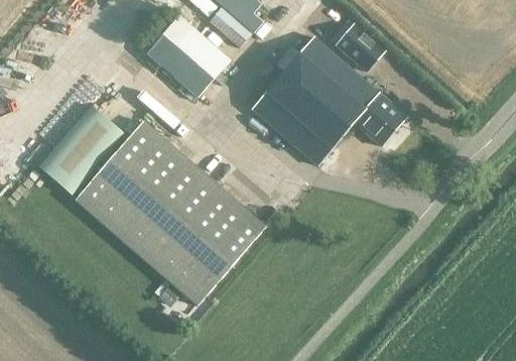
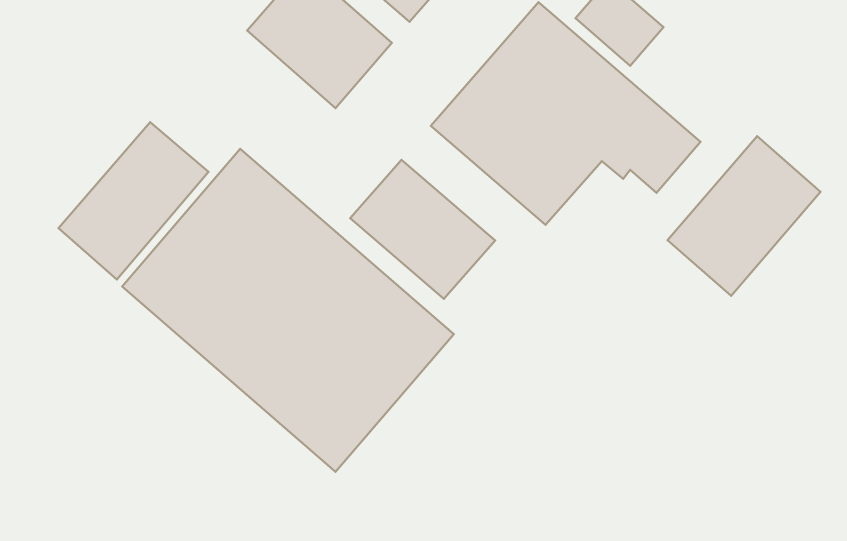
building: none -> [668,136,820,296]
building: none -> [350,160,495,299]

